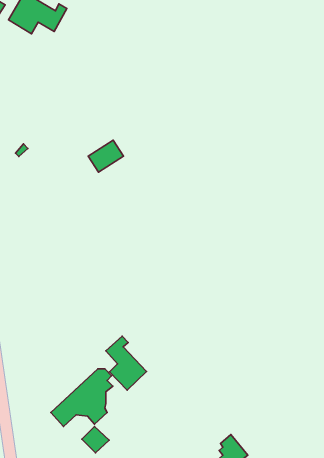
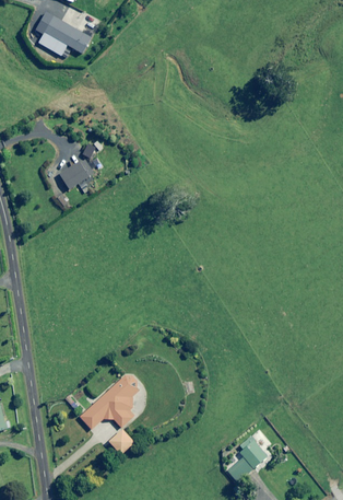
building: [88,140,124,172] -> [59,158,93,188]
building: [106,336,147,390] -> none

